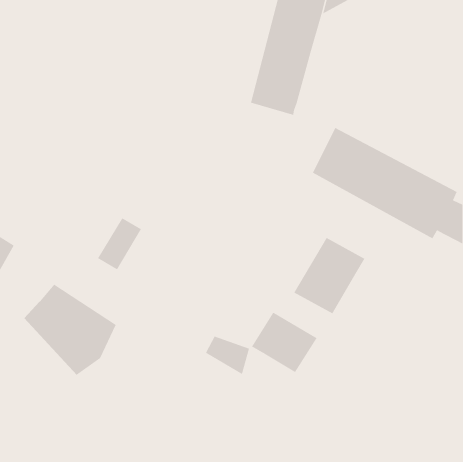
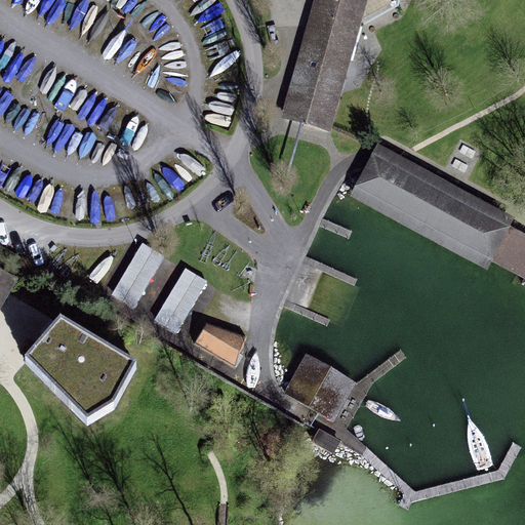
building: none -> [153,266,206,330]
building: [294,237,365,314] -> none
building: [205,336,250,375] -> [194,321,244,365]

